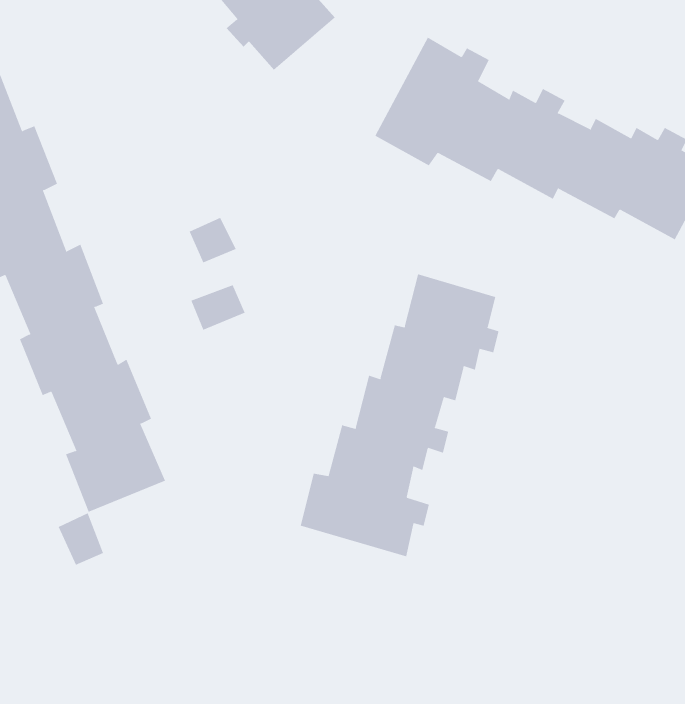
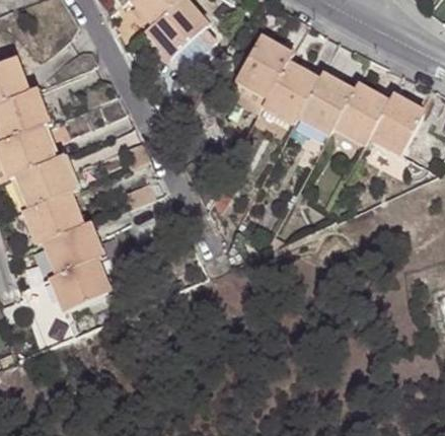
building: [300,274,499,557] -> none

